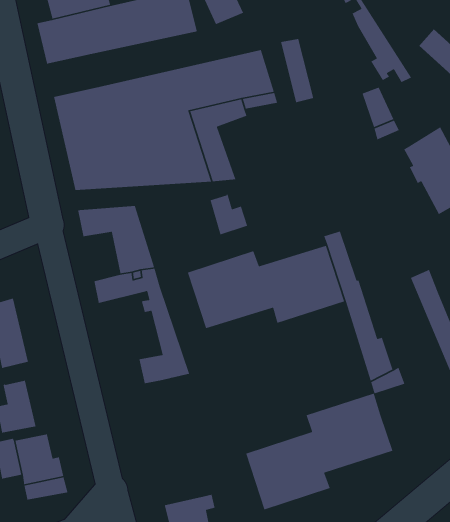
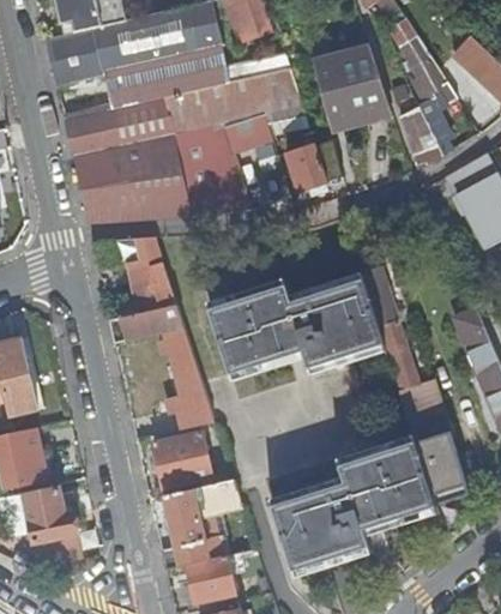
building: none -> [332,46,391,121]
building: none -> [104,48,291,108]
building: none -> [285,143,327,192]
building: [209,194,248,236] -> none
building: none -> [151,427,211,490]
building: none -> [422,456,475,520]
building: none -> [161,480,241,570]

